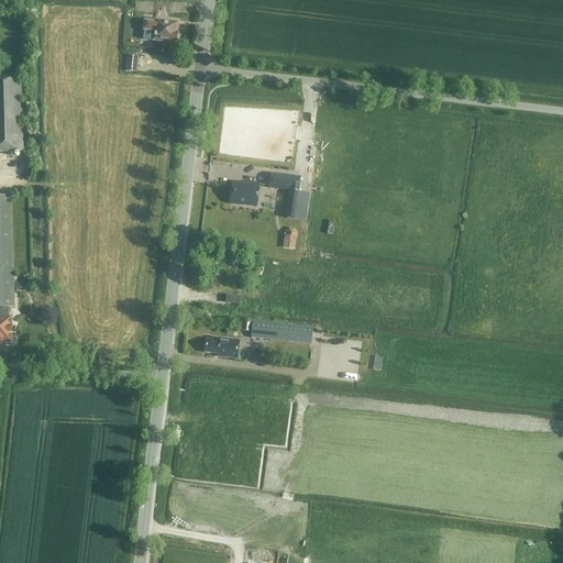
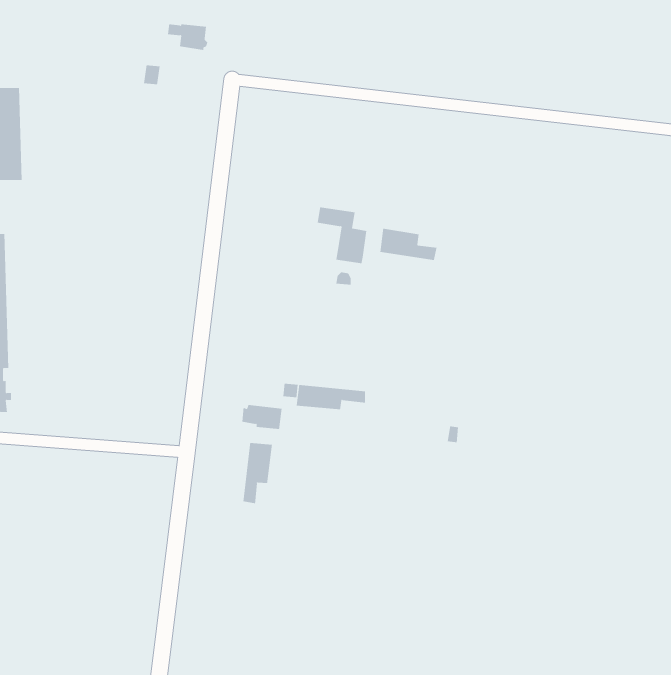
building: [224,181,254,205] -> none
building: none -> [380,228,437,261]
building: none -> [243,442,272,504]

